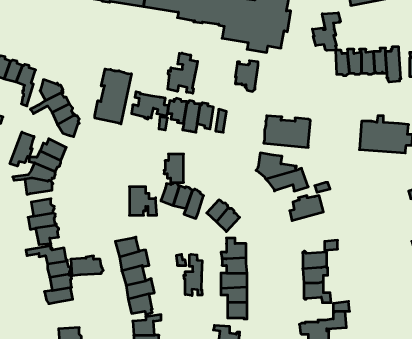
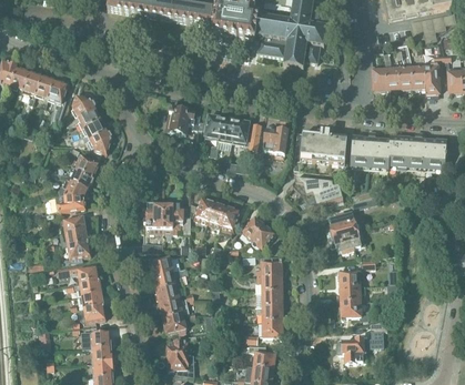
building: [312,13,341,50] -> none
building: [168,53,198,93] -> none
building: [235,61,258,91] -> [264,126,287,158]
building: [95,69,131,124] -> none
building: none -> [351,130,400,168]
building: [10,132,34,166] -> none
building: [164,154,184,182] -> [143,203,163,232]
building: none -> [328,229,365,253]
building: [184,254,202,296] -> none
building: [71,256,103,276] -> [81,328,114,348]

